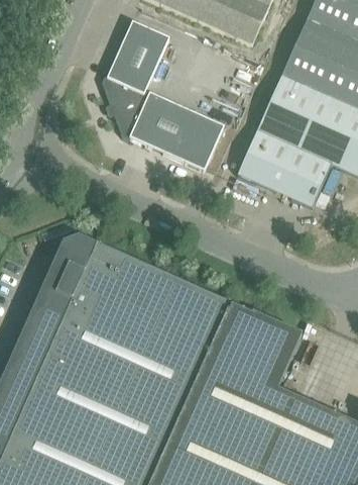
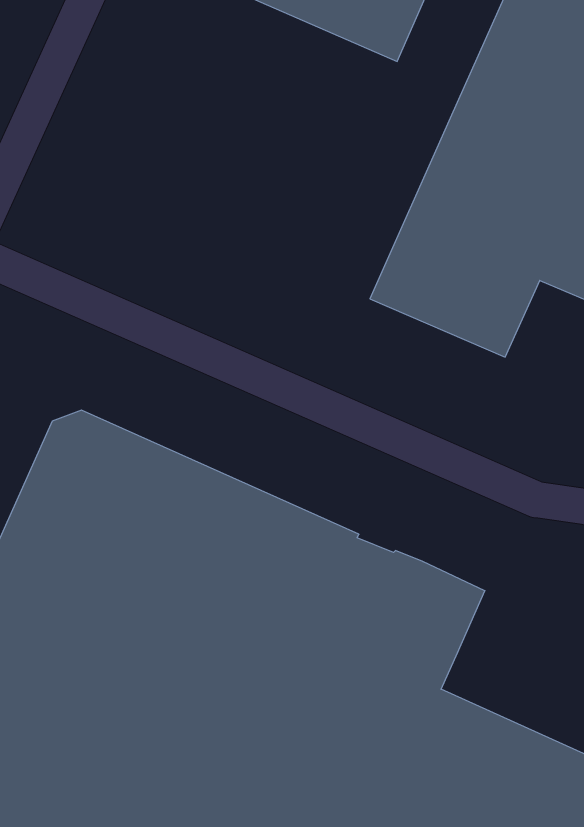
building: [102,20,223,170] -> none

